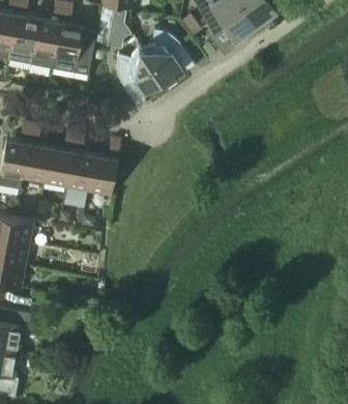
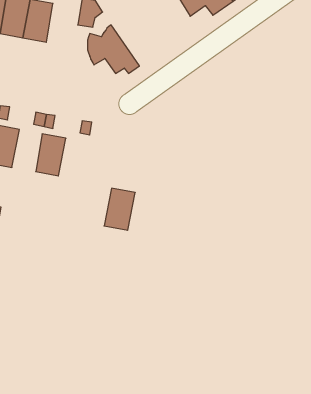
building: [140,30,182,86] -> none
building: [45,147,74,187] -> none
building: [89,155,119,196] -> [104,188,135,230]

